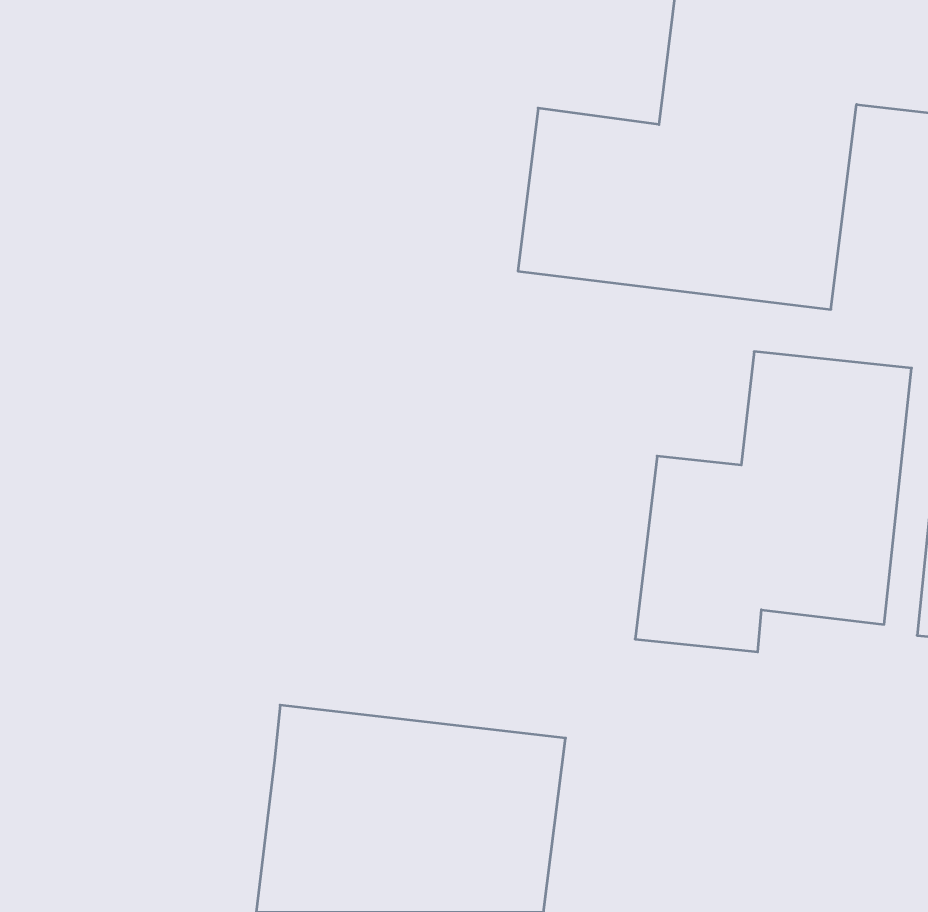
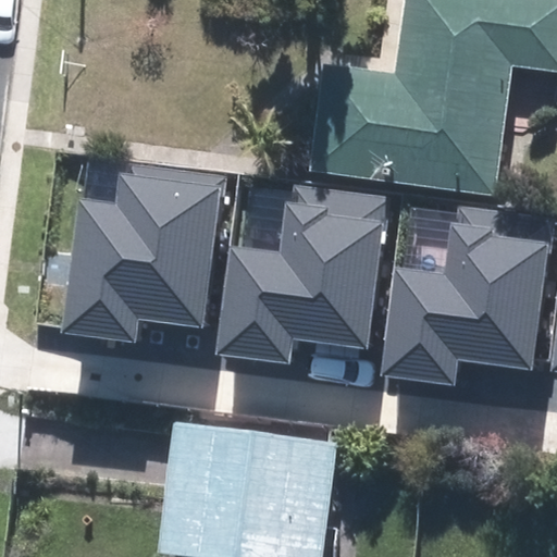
building: none -> [61,168,221,349]
building: none -> [218,189,382,369]

